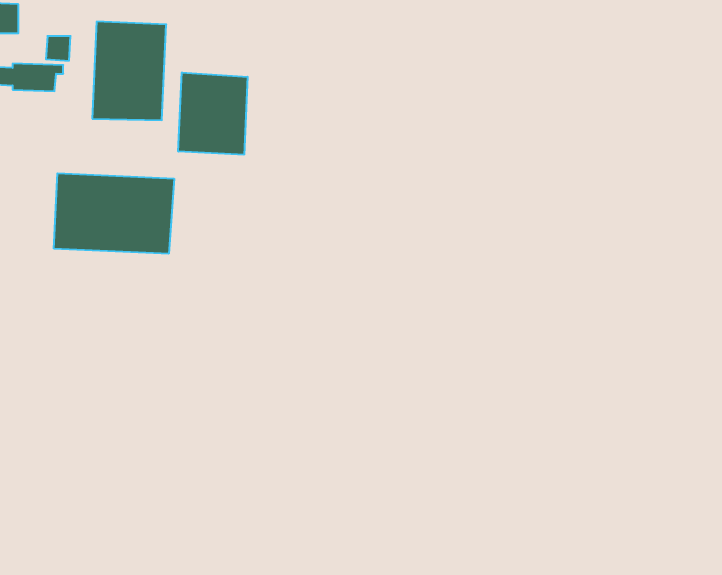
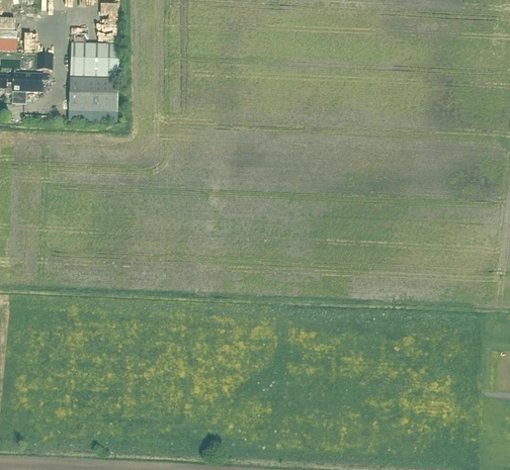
building: [178,72,248,155] -> none
building: [54,173,174,254] -> none

